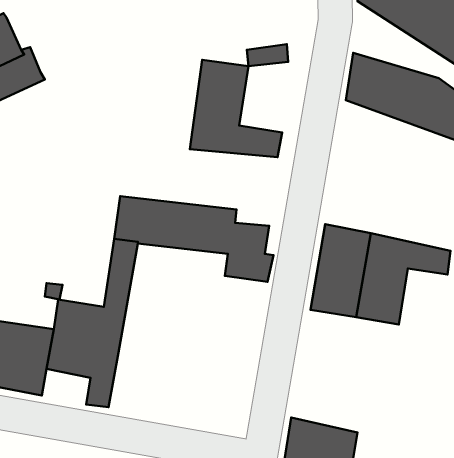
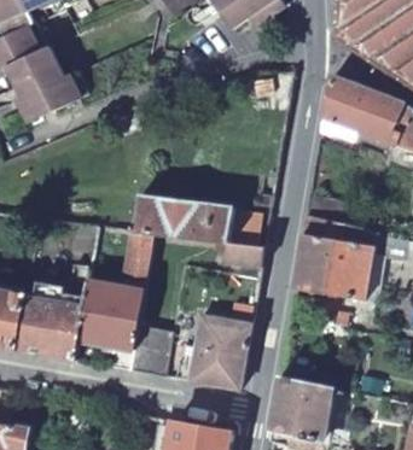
building: [190,60,282,157] -> none
building: none -> [190,312,250,387]
building: none -> [129,322,173,374]

